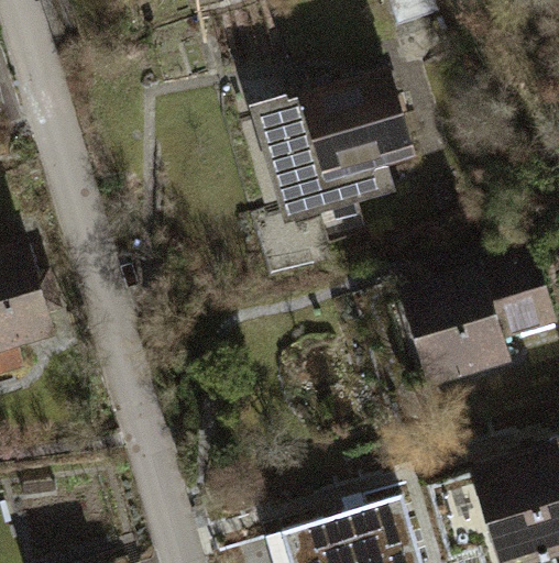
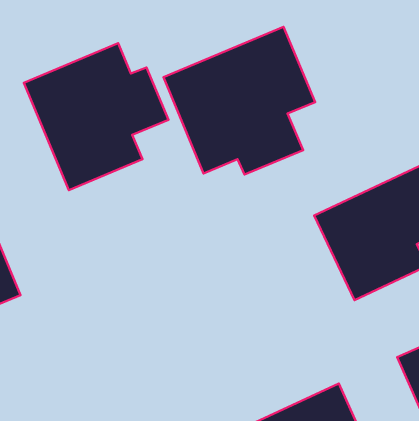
building: none -> [24,43,168,190]

